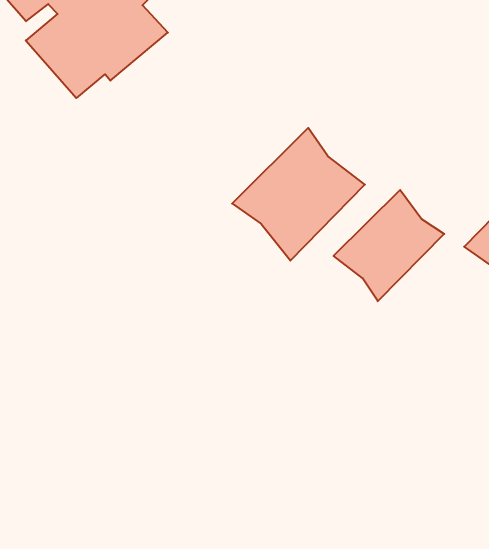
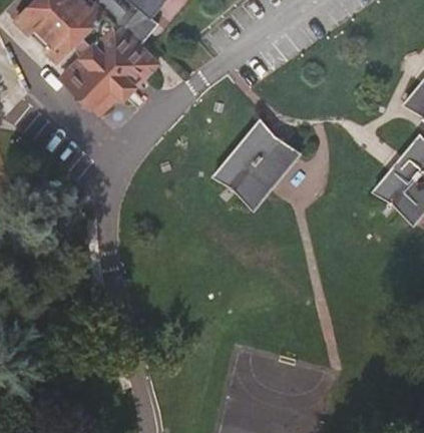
building: [334,190,444,301] -> none

